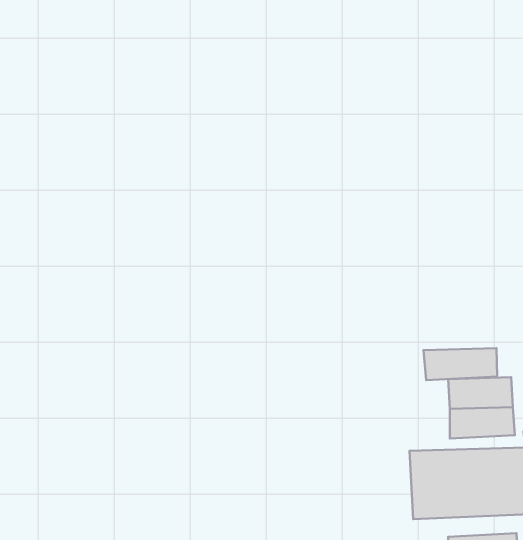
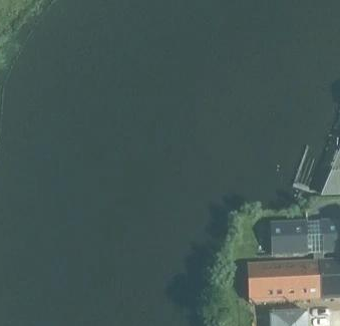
building: [424,348,497,380] -> none

